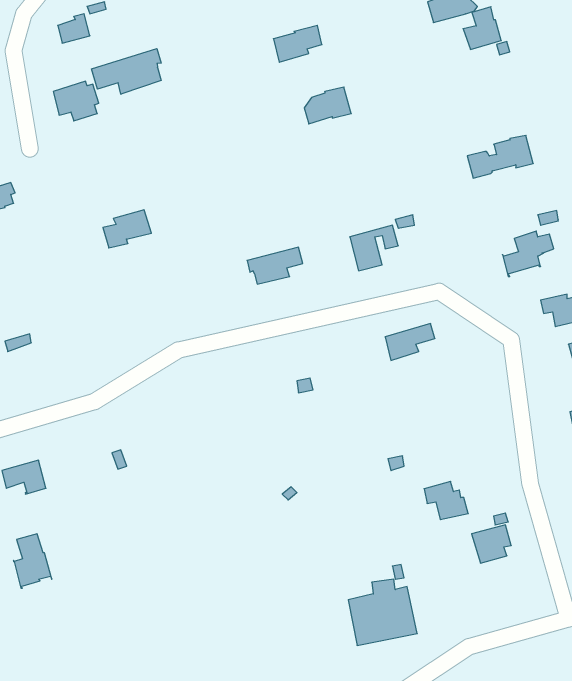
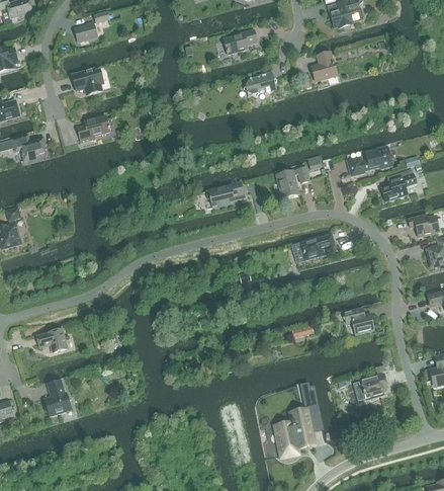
building: [463,7,501,49] -> [310,51,337,80]
building: [92,49,161,94] -> none
building: [467,135,533,178] -> [347,146,392,175]
building: [103,210,151,248] -> [77,114,110,141]
building: [424,481,468,520] -> [344,307,374,333]

